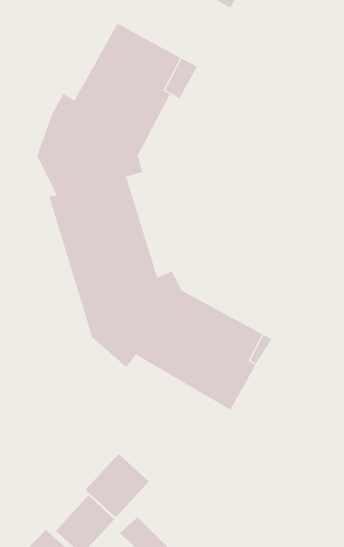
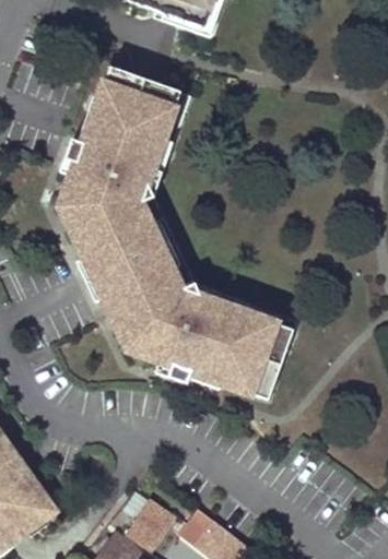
building: [85,453,150,518] -> none

